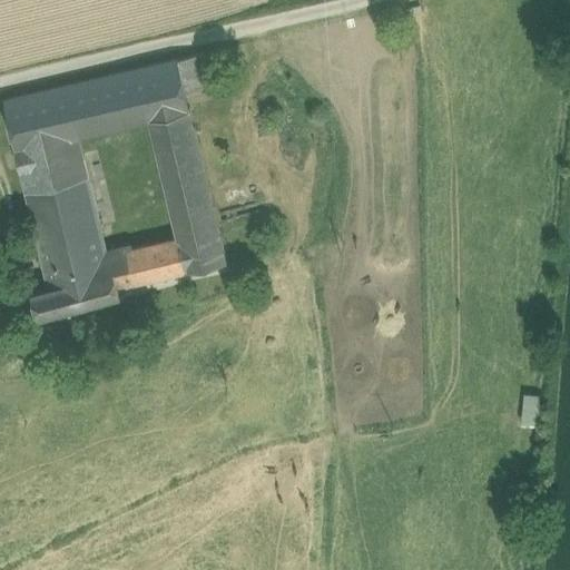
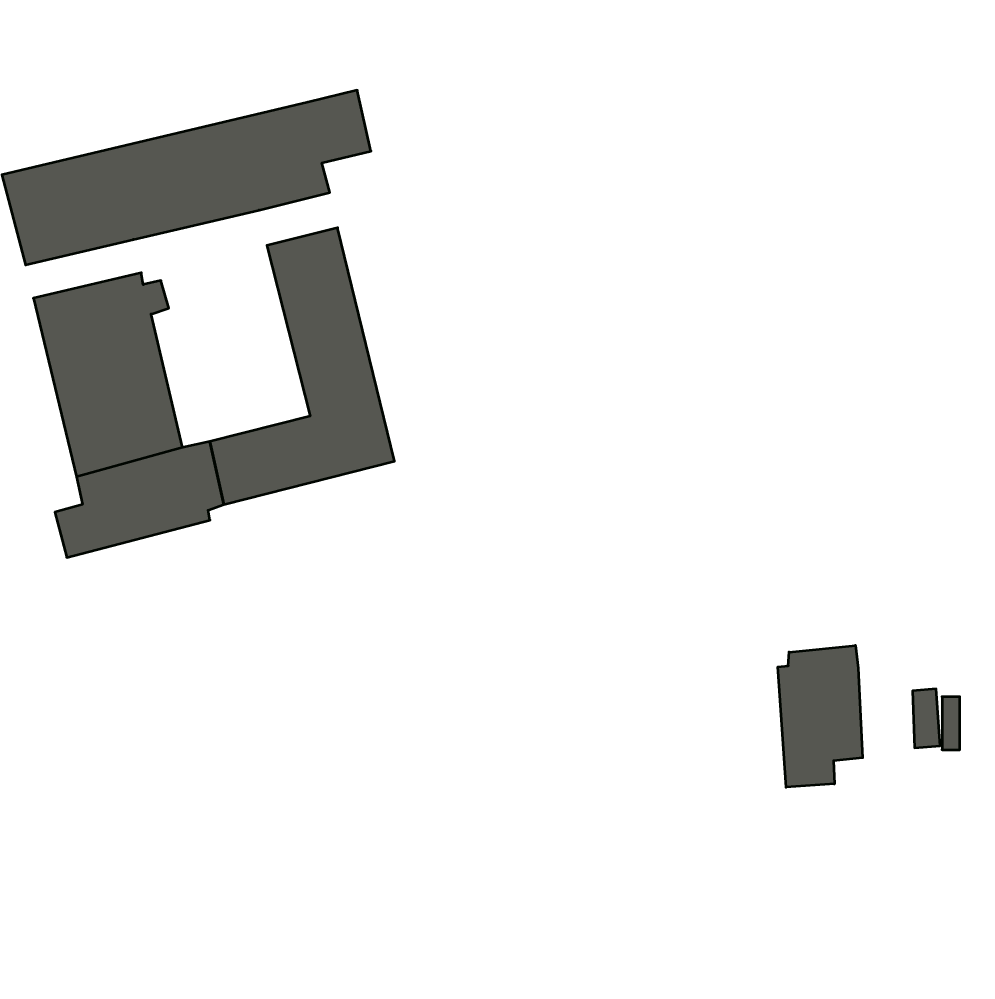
building: [147,111,191,141] -> none
building: [14,138,80,171] -> none
building: none -> [778,645,863,787]

